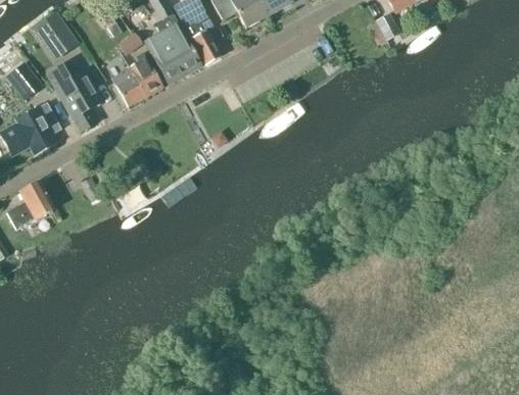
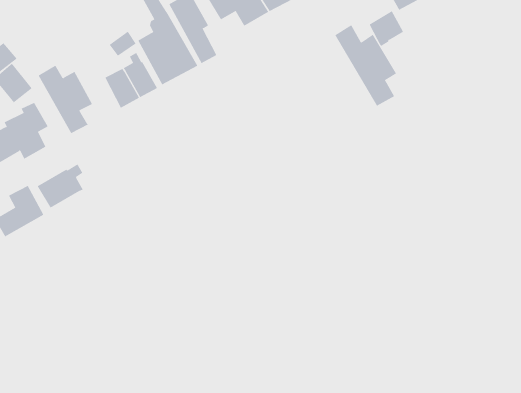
building: [32,10,79,58] -> none
building: none -> [335,24,397,107]
building: none -> [37,164,84,209]

